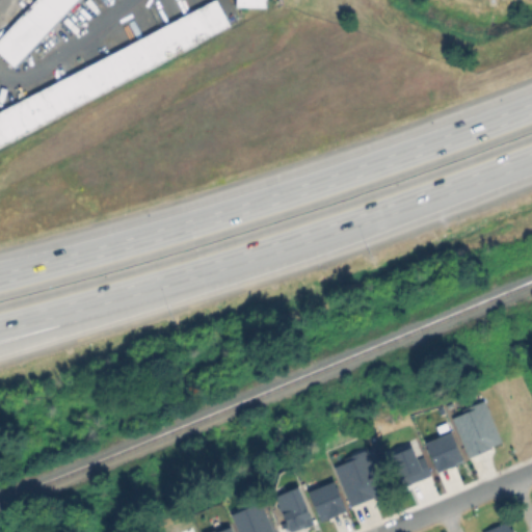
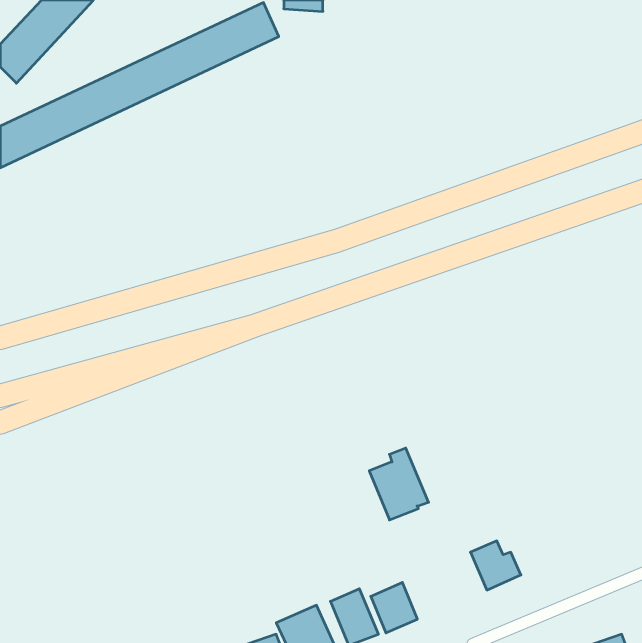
building: [452,400,502,458] -> none
building: [425,432,462,472] -> none
building: [334,448,382,507] -> [369,448,429,520]

